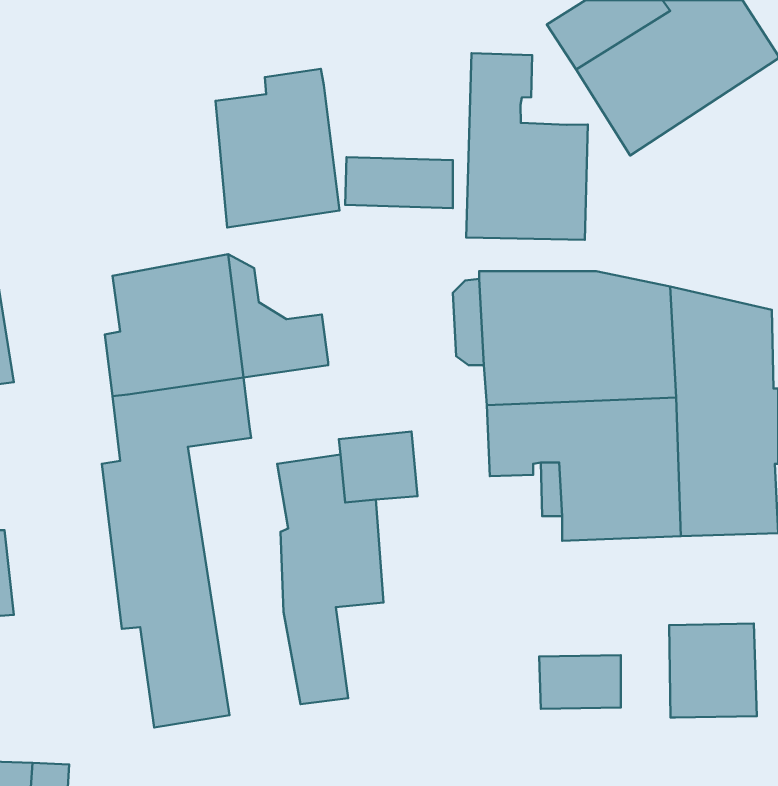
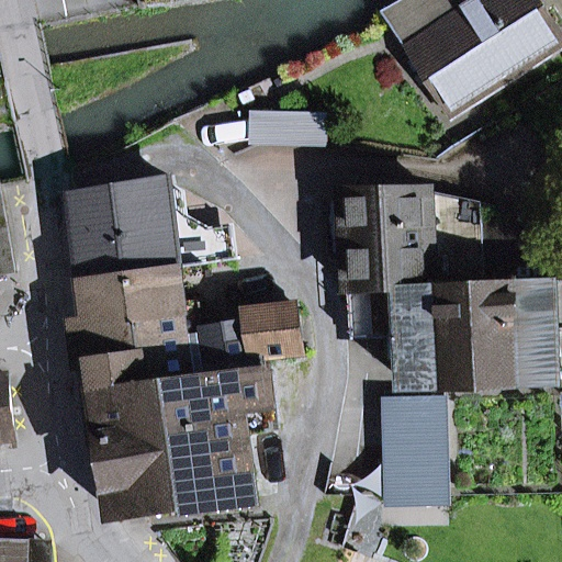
building: [466,53,588,240] -> none
building: [216,69,339,227] -> none
building: none -> [134,303,214,510]
building: [669,624,757,718] -> [380,402,442,469]

